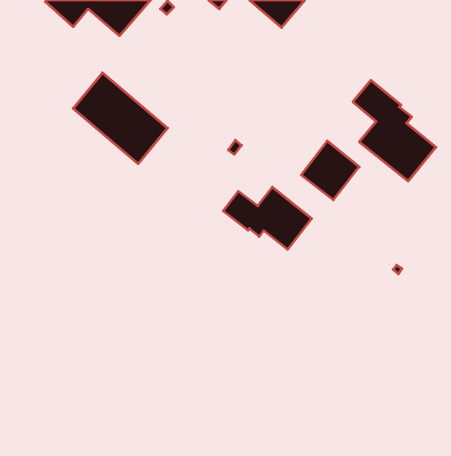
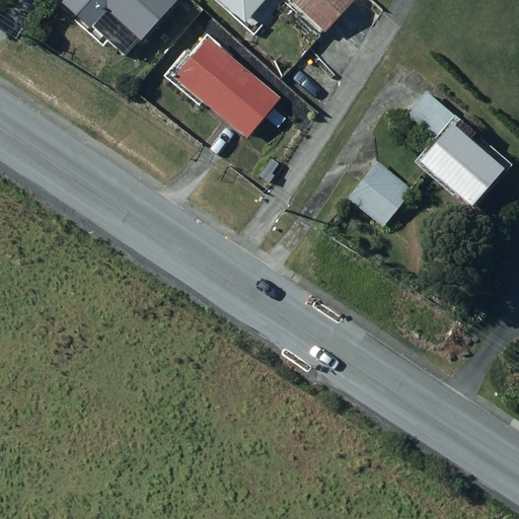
building: [73,73,168,164] -> [173,35,281,139]
building: [223,187,312,249] -> none

